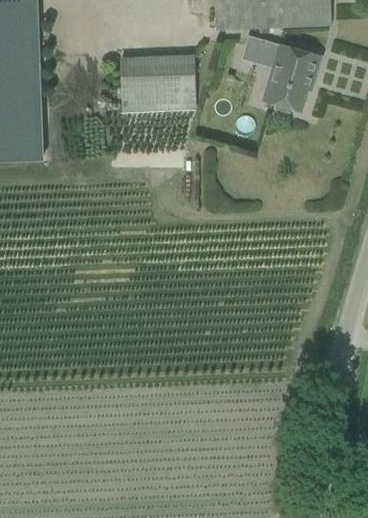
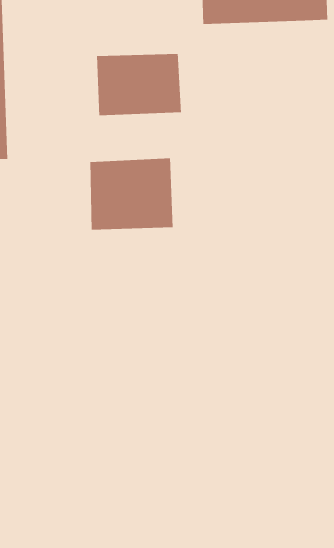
building: [242,35,321,113] -> none
building: none -> [89,158,173,230]

